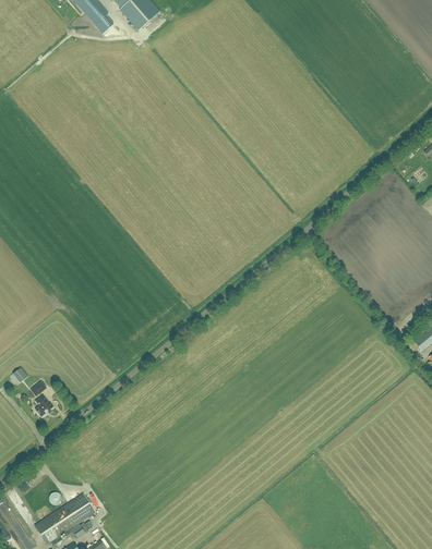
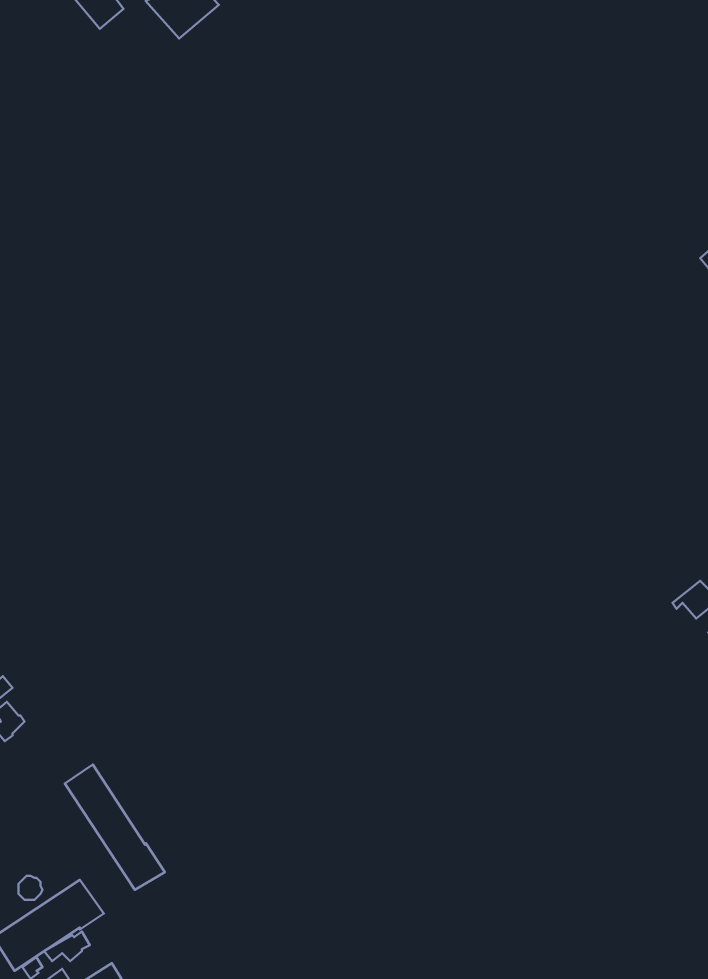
building: none -> [65,765,165,890]

